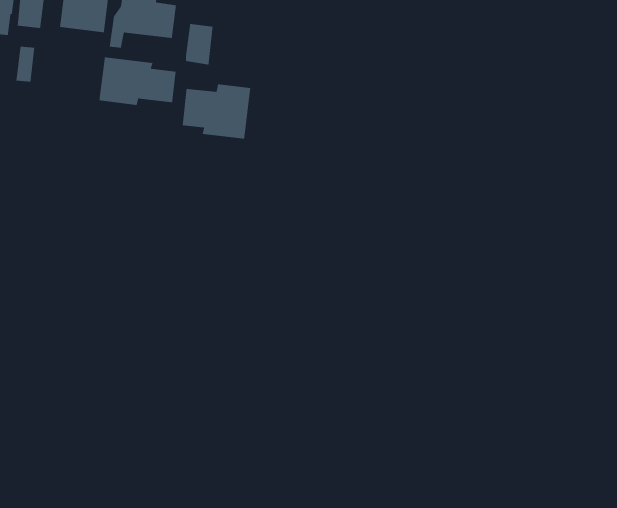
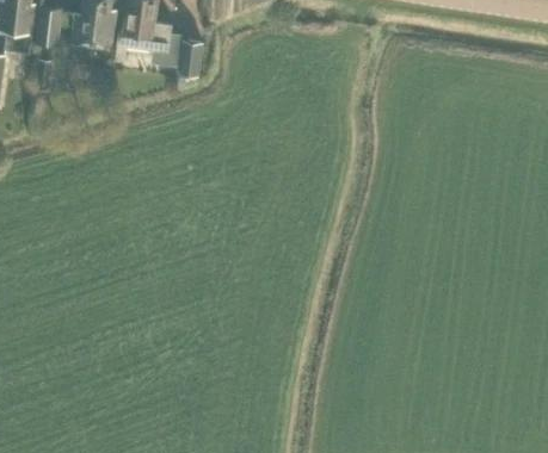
building: [99,56,177,106] -> none
building: [182,83,251,140] -> none

